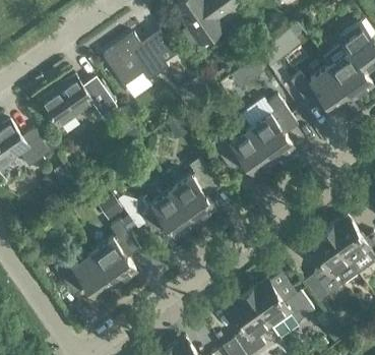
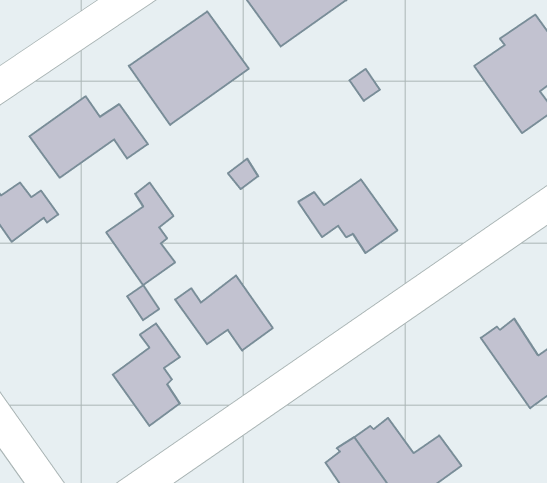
building: [291,66,354,113] -> none
building: [251,96,295,161] -> none
building: [172,158,215,223] -> [106,183,175,285]
building: [308,229,359,295] -> none
building: [54,252,117,299] -> none

